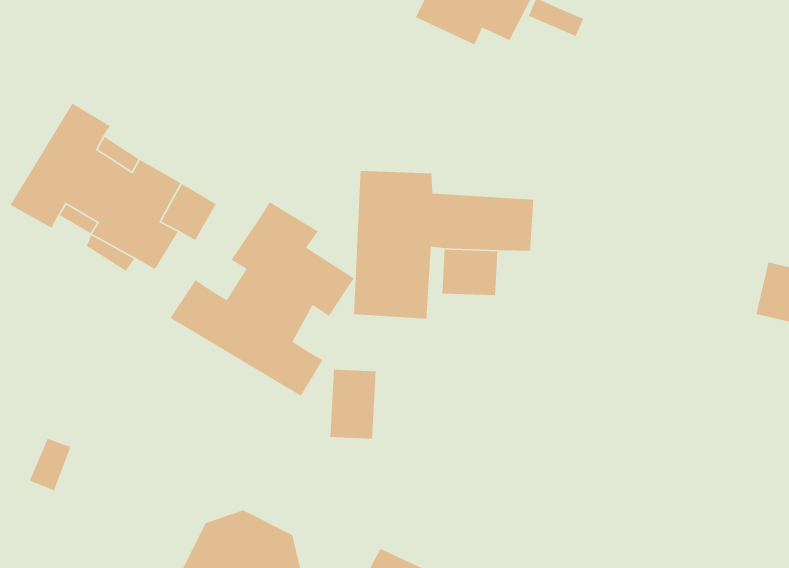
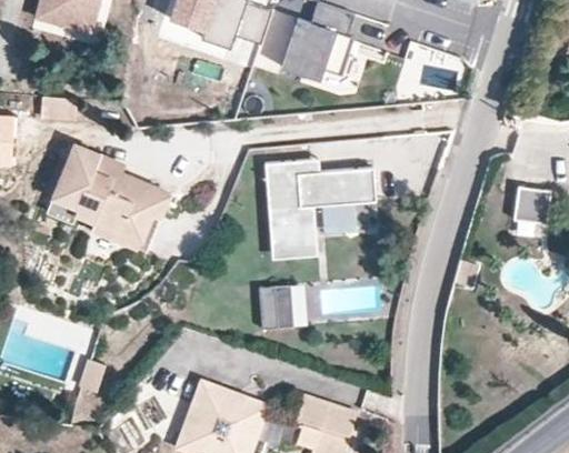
building: [170,201,355,397] -> none

